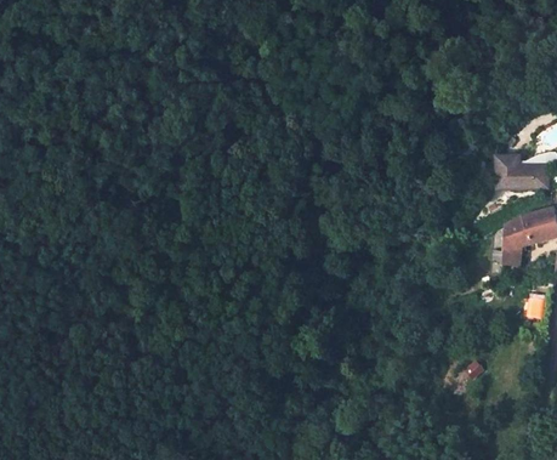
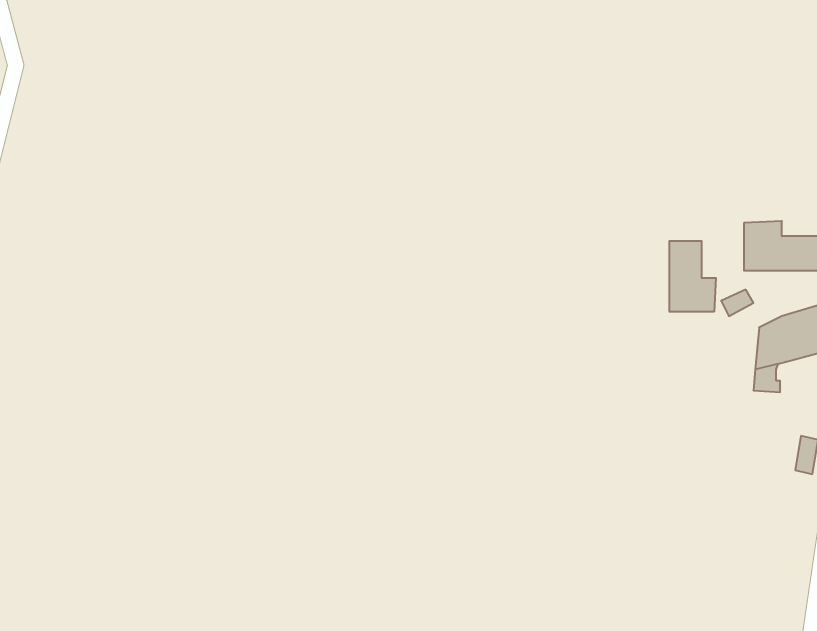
building: none -> [669,241,716,312]

